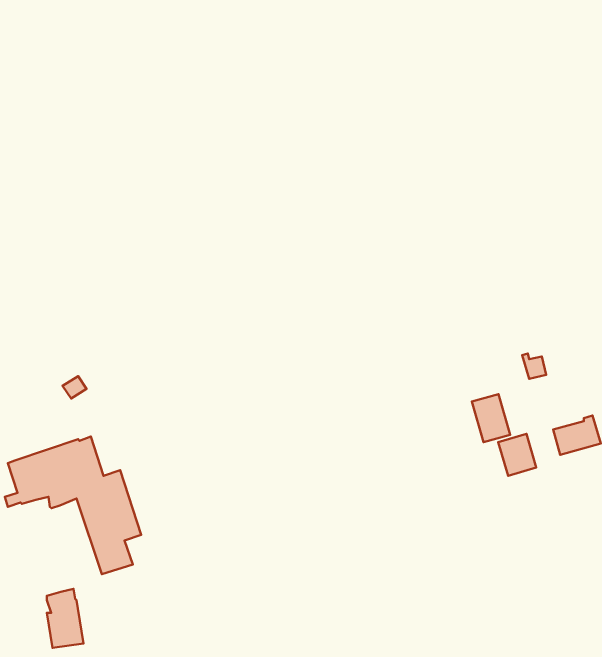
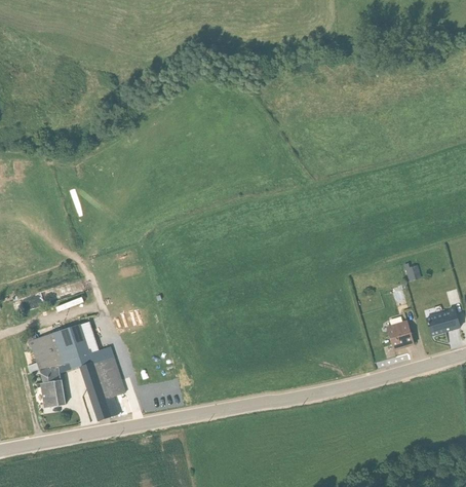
building: [472,394,510,442] -> none
building: [47,589,83,648] -> [38,365,65,408]

